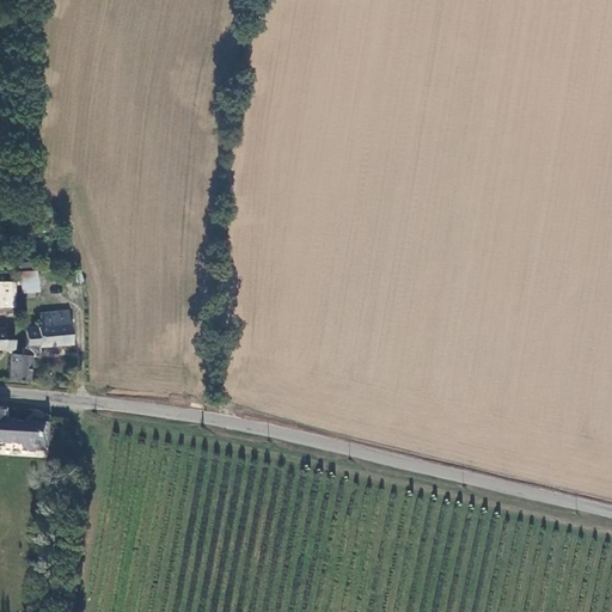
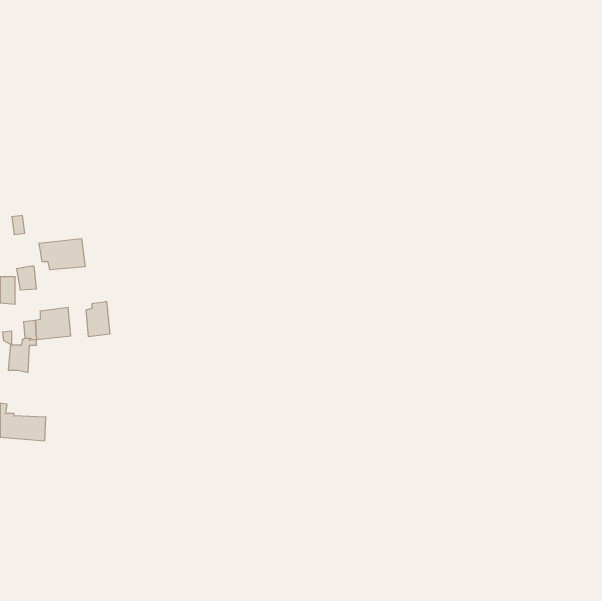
building: none -> [39,239,85,270]
building: none -> [86,301,110,337]

